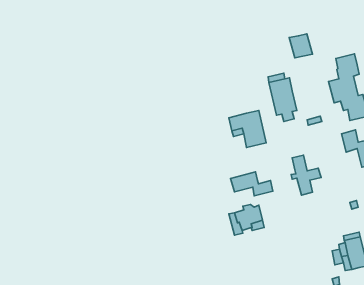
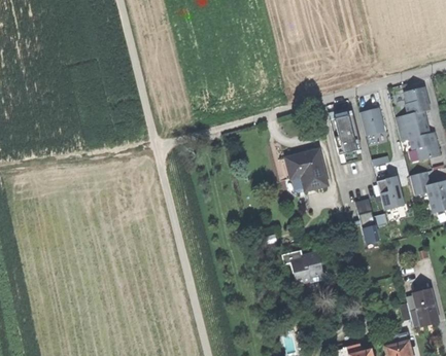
building: [289,34,312,58] -> [358,108,384,135]
building: none -> [377,176,404,210]
building: [231,172,273,196] -> none

